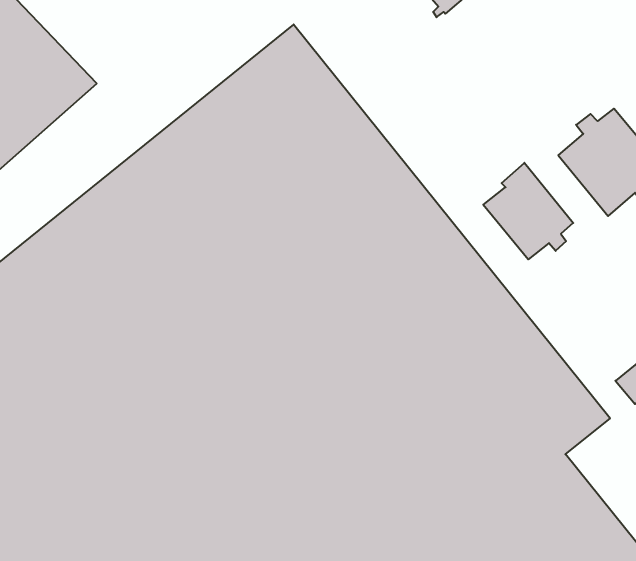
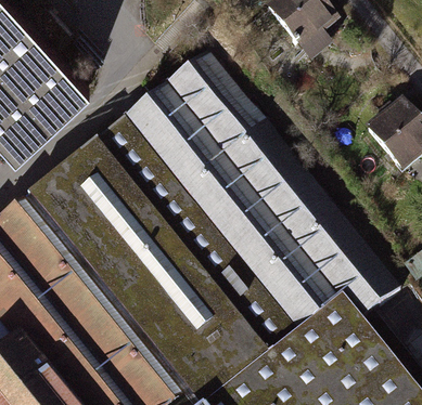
building: [483,163,573,259] -> none

